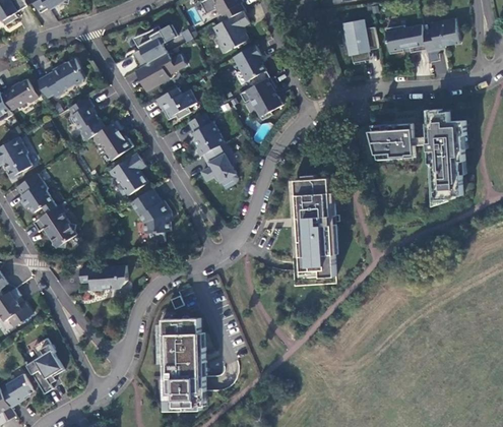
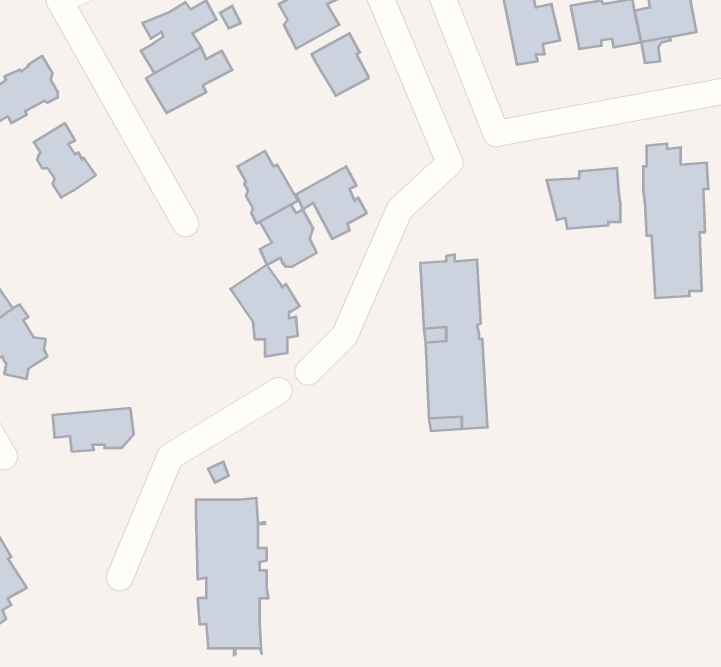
building: [240,76,281,119] -> [296,166,367,239]
building: [155,86,196,119] -> none
building: [91,120,132,160] -> none
building: [109,152,147,194] -> none
building: [130,188,171,242] -> [230,265,300,356]

